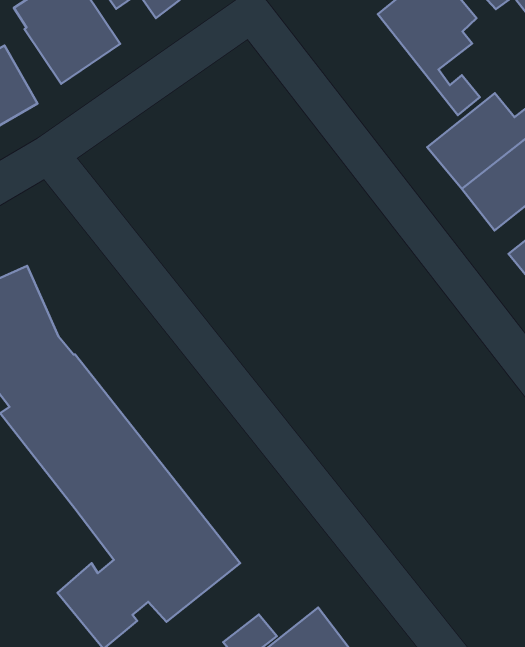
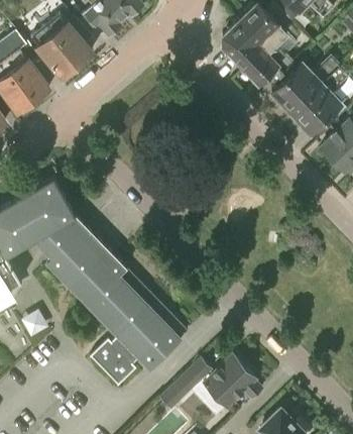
building: none -> [219,23,282,87]

